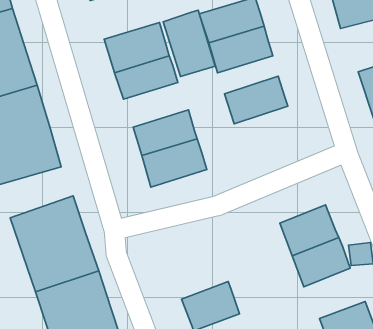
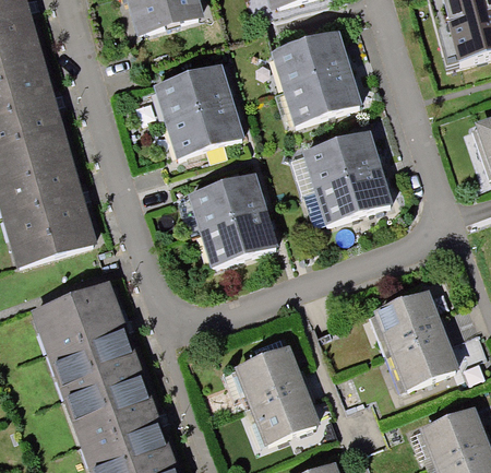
building: [163,10,215,76] -> none
building: none -> [312,166,391,223]
building: none -> [232,343,304,405]

